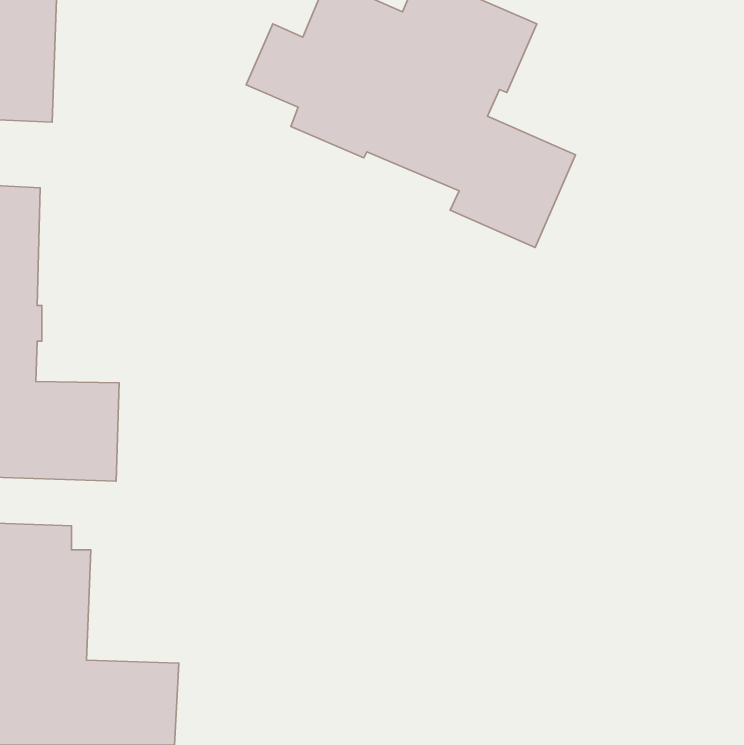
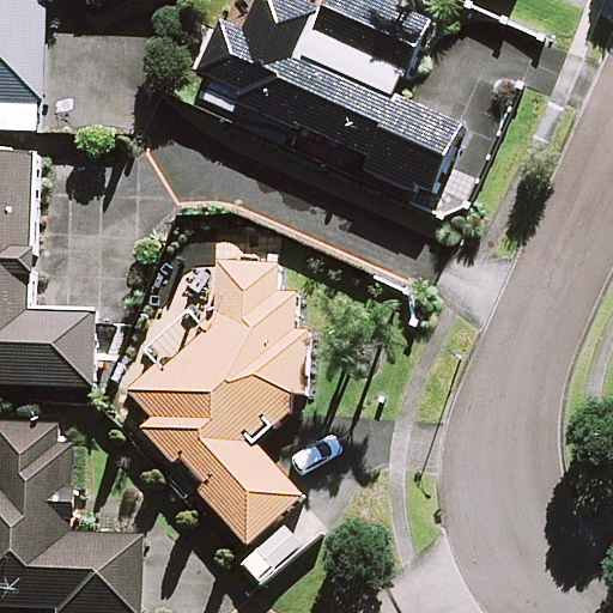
building: none -> [126,260,308,546]

